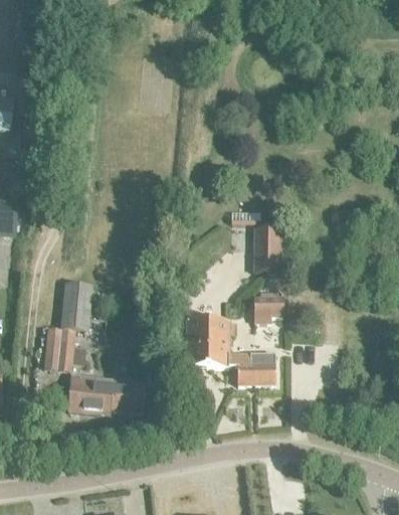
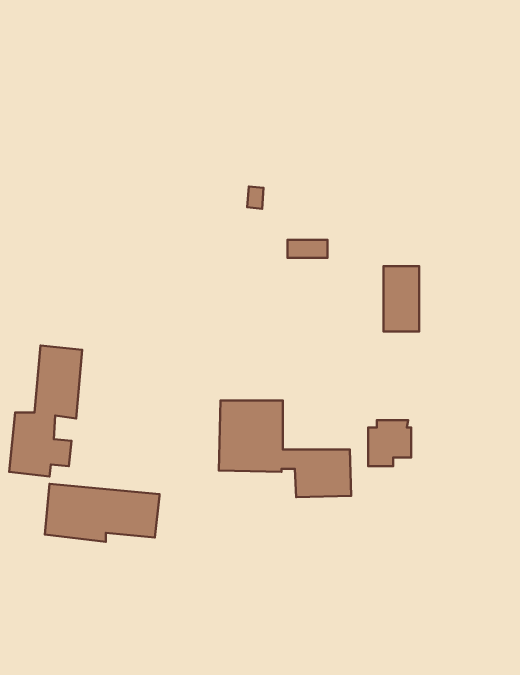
building: [254,227,278,272] -> [384,266,419,331]
building: [253,292,282,323] -> [368,420,411,466]

